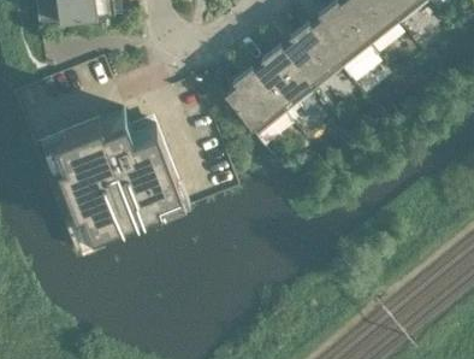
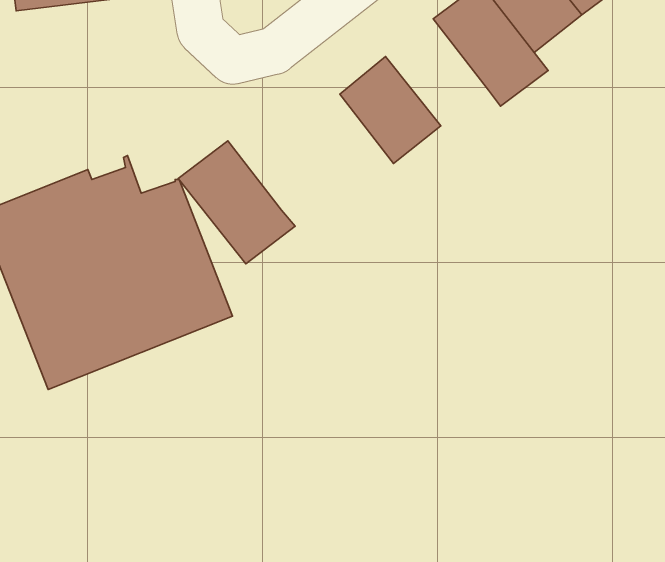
building: [280,23,343,88] -> none
building: [223,69,294,143] -> [178,141,295,264]

